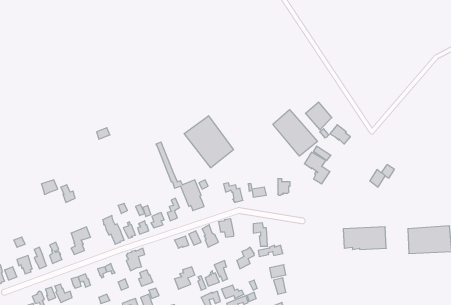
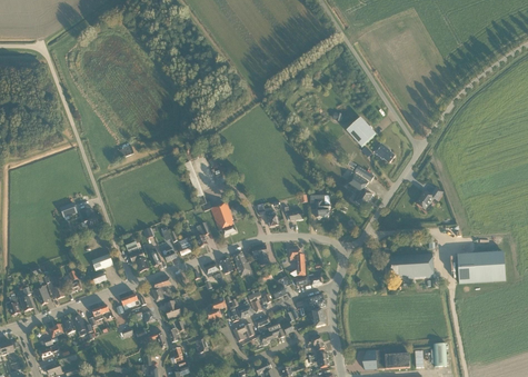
building: [273,110,317,156] -> none
building: [184,116,233,168] -> none

